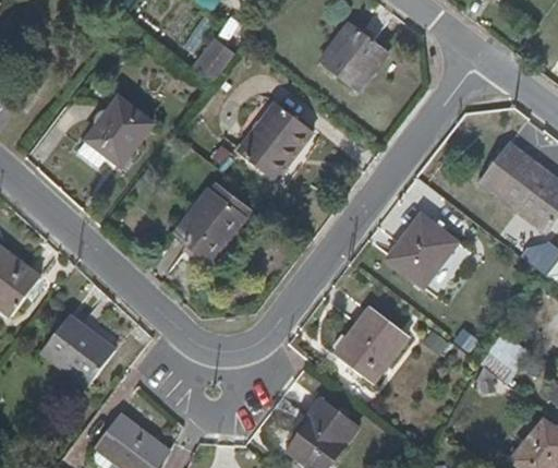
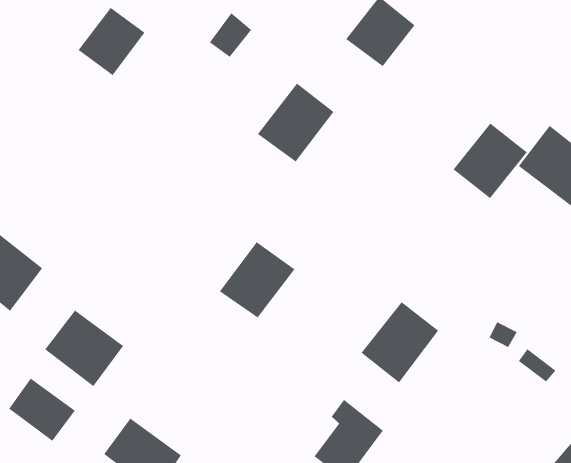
building: [88,98,151,163] -> [77,7,146,76]
building: [175,190,246,262] -> [219,241,295,319]
building: [387,214,457,285] -> [452,123,528,199]
building: none -> [8,378,76,442]

